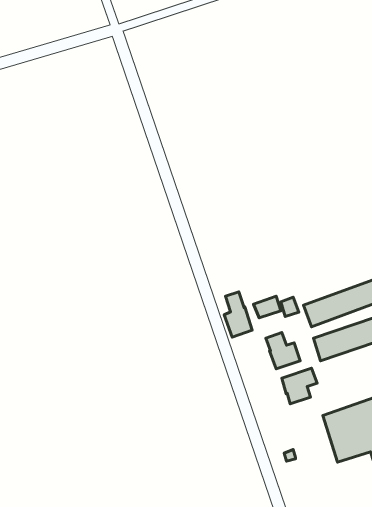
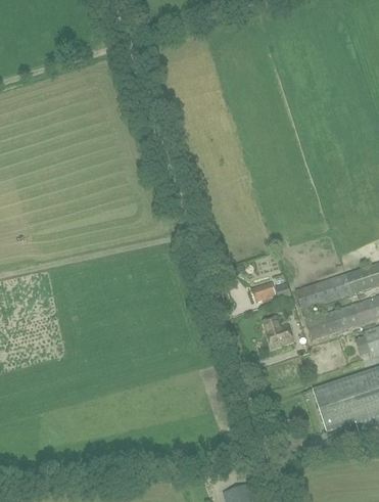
building: [224,292,252,337] -> none
building: [282,368,317,404] -> none

